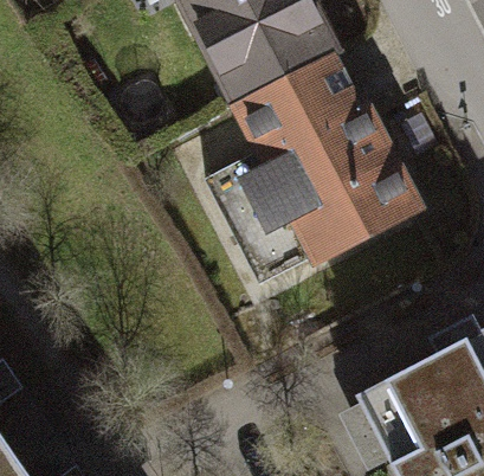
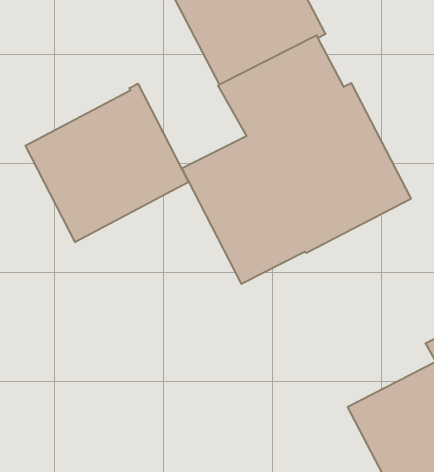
building: none -> [25,84,189,242]

